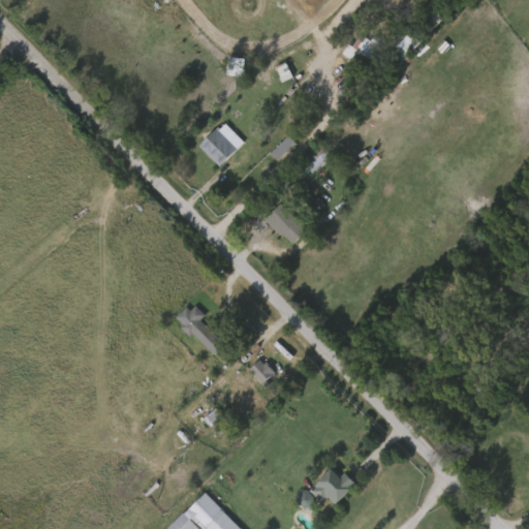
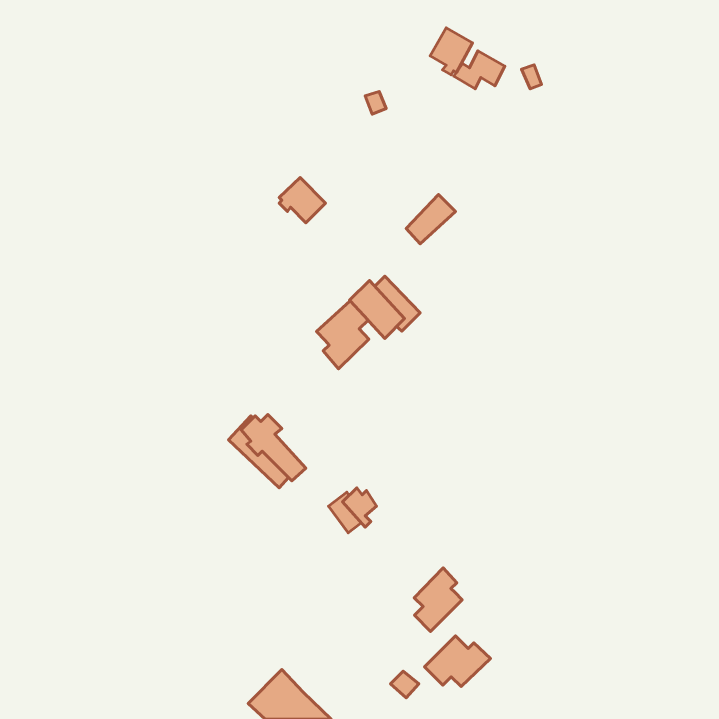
building: none -> [430,28,473,75]
building: none -> [317,301,369,369]
building: none -> [414,568,462,631]

